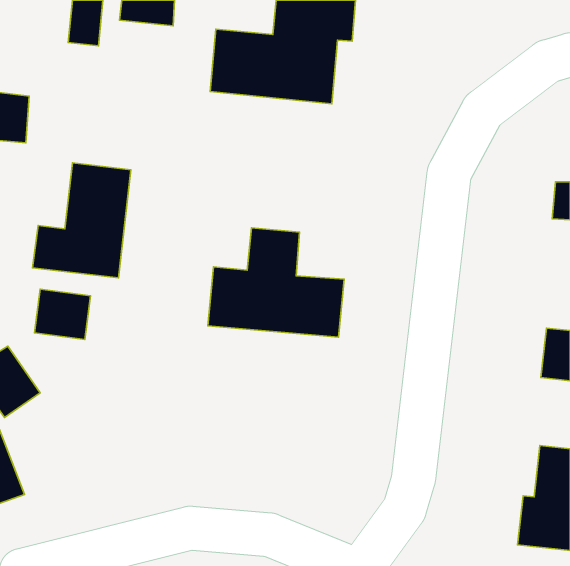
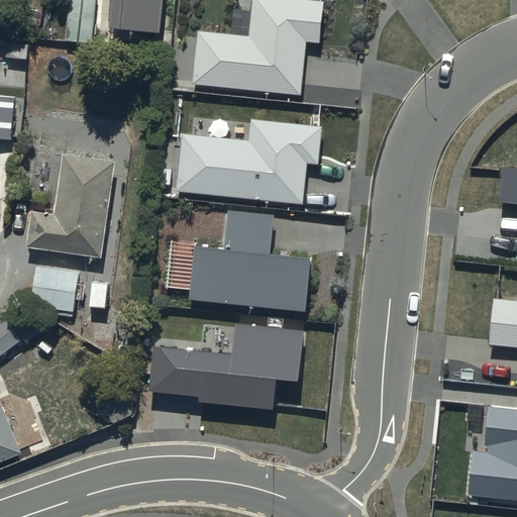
building: none -> [175,118,321,202]
building: none -> [148,323,304,406]

